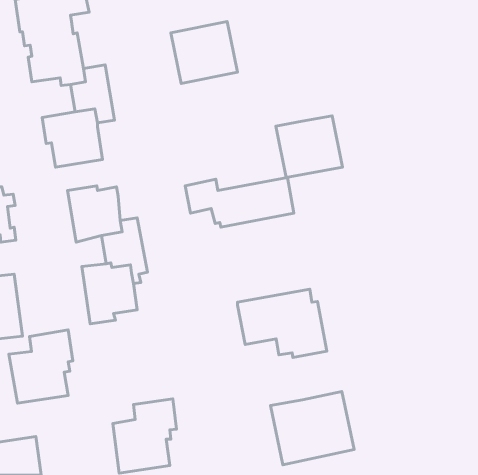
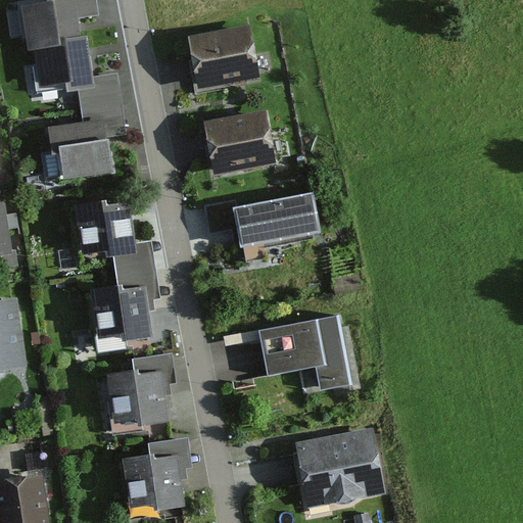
building: [276,116,343,178] -> [202,107,275,175]
building: [9,330,73,403] -> [106,350,176,430]

